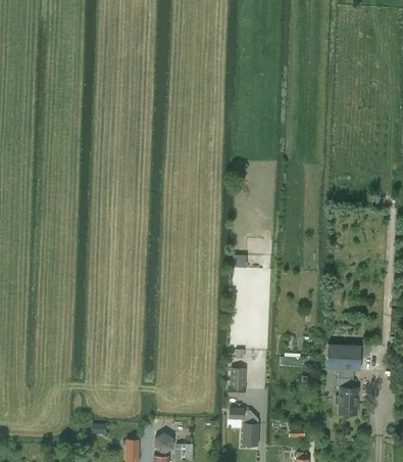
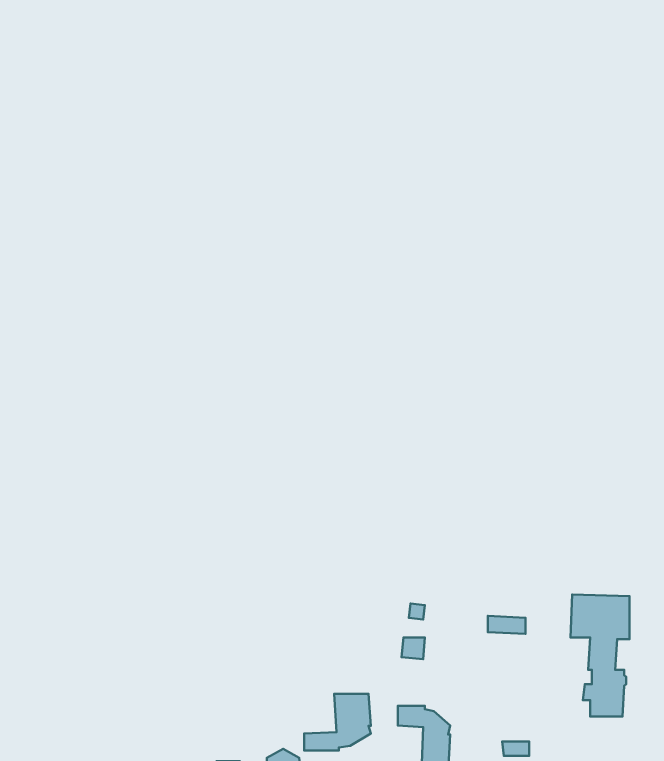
building: none -> [304,694,371,750]

